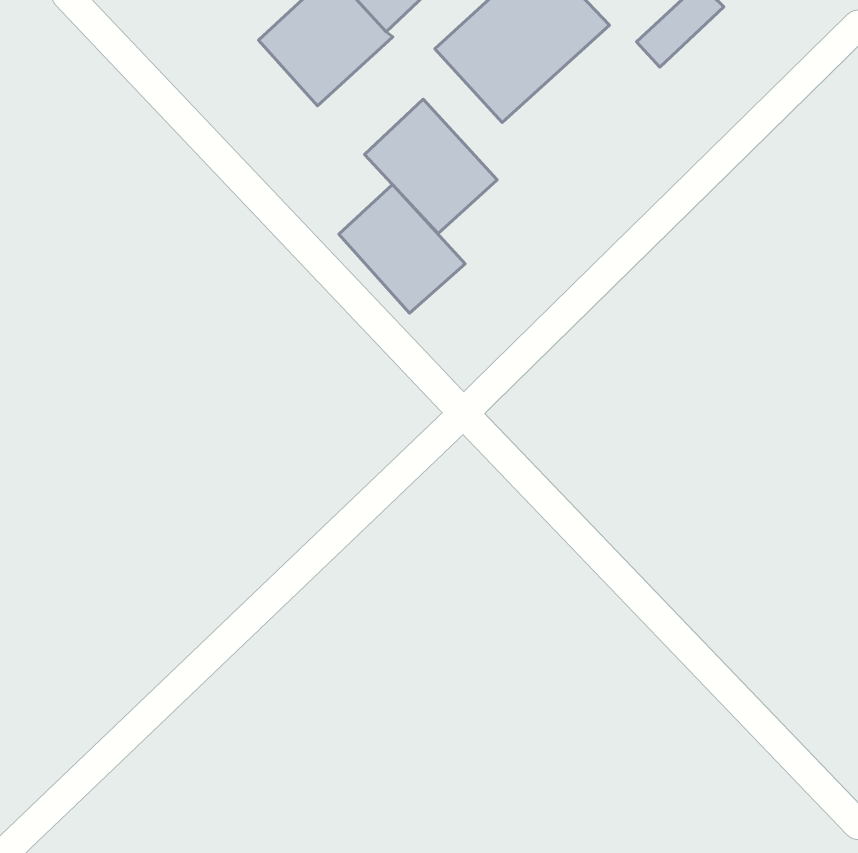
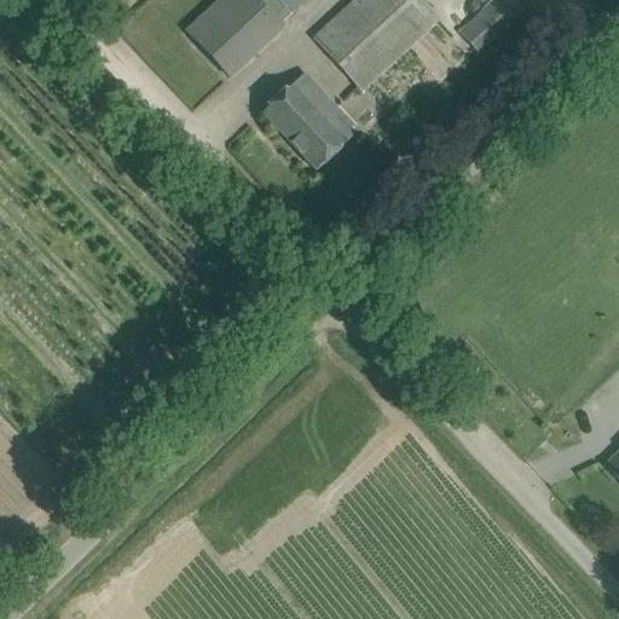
building: [339,185,465,313] -> none

